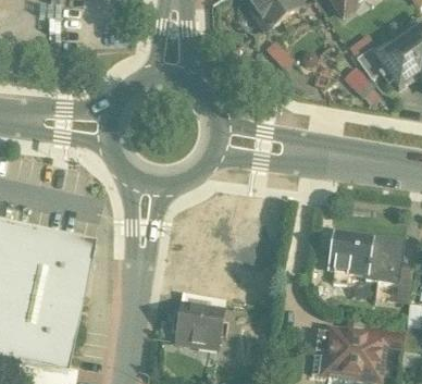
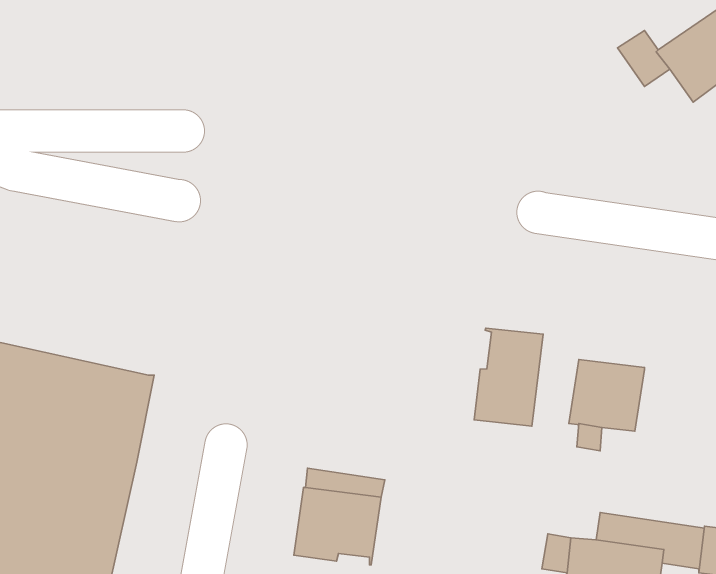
building: none -> [474,328,543,426]
building: [365,235,405,282] -> none

